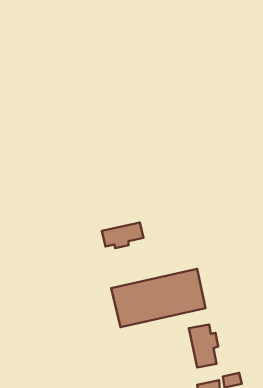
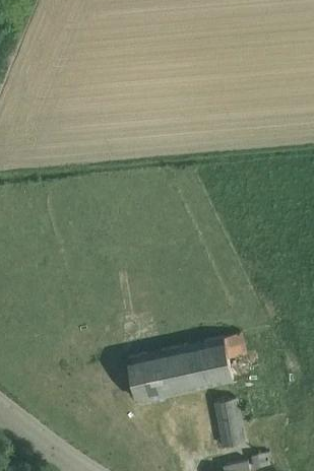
building: [102,222,143,248] -> none

